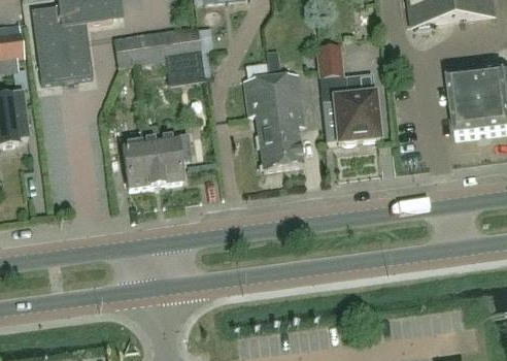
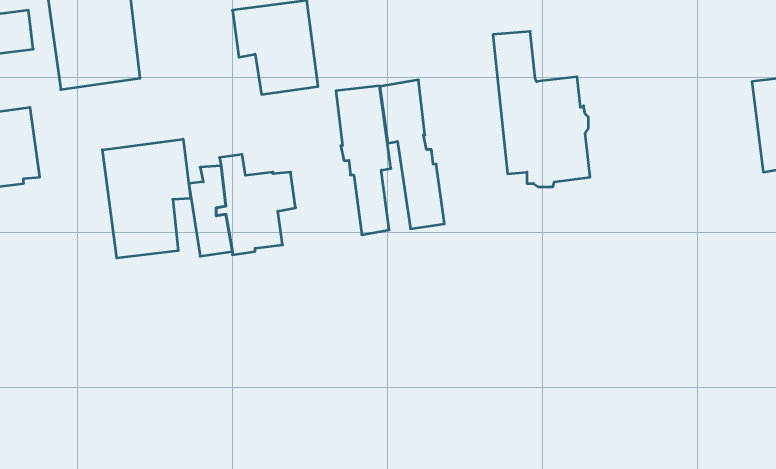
building: [115,32,156,67] -> none
building: [270,73,305,168] -> [336,86,391,235]
building: [450,77,489,139] -> none
building: none -> [102,139,191,258]

